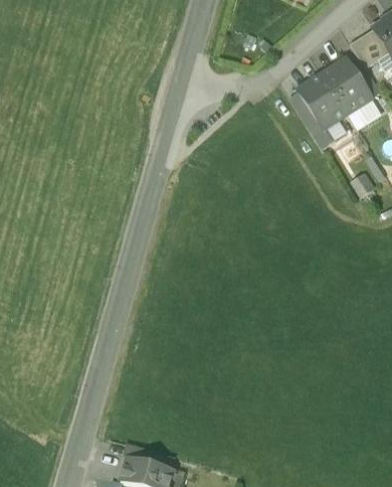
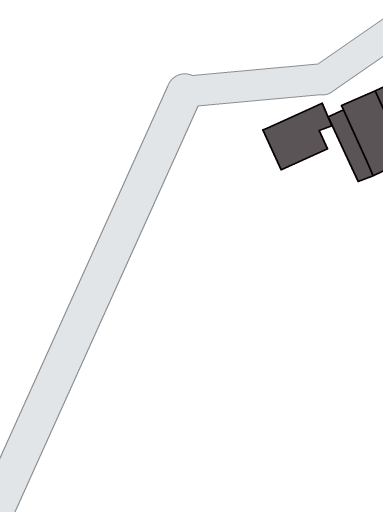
building: none -> [263,103,332,170]

